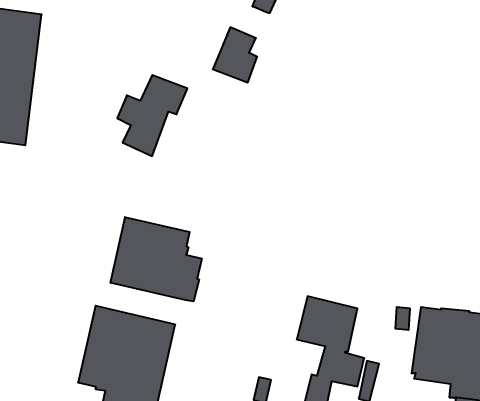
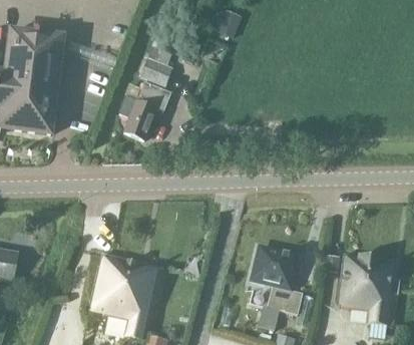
building: [213,27,257,83] -> [139,46,172,87]
building: [111,217,202,301] -> none

